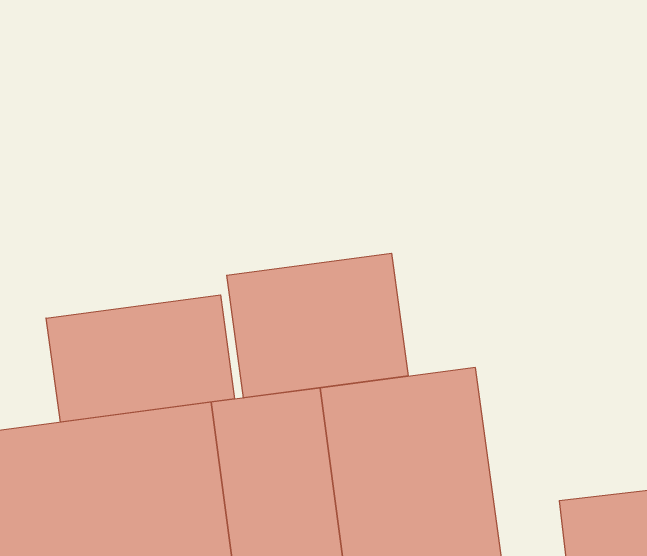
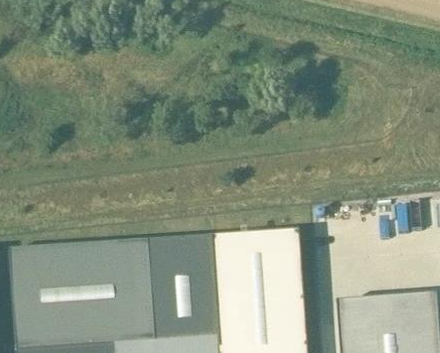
building: [227,253,408,398] -> none
building: [46,295,235,422] -> none

